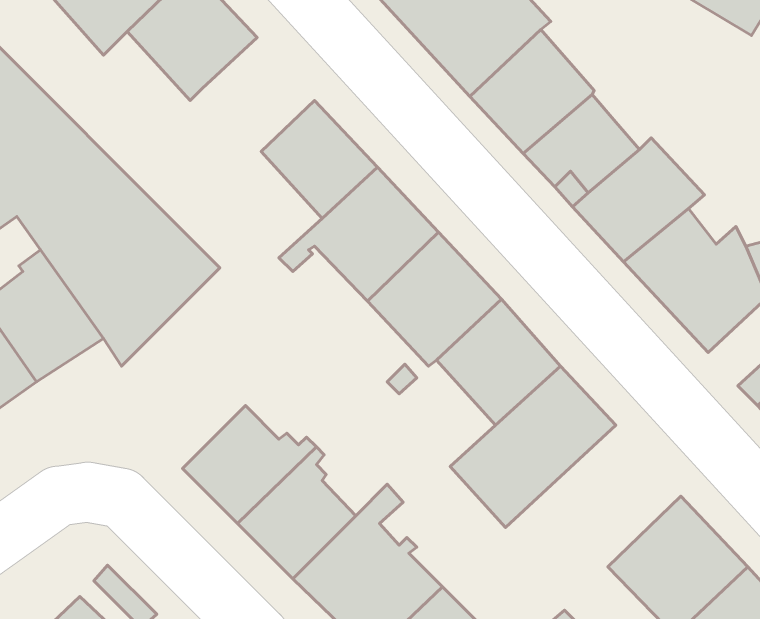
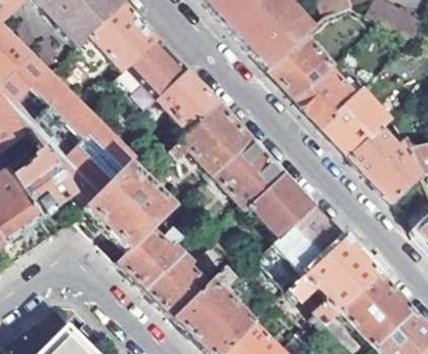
building: none -> [129,37,187,96]
building: none -> [87,166,172,250]
building: none -> [287,238,378,328]

